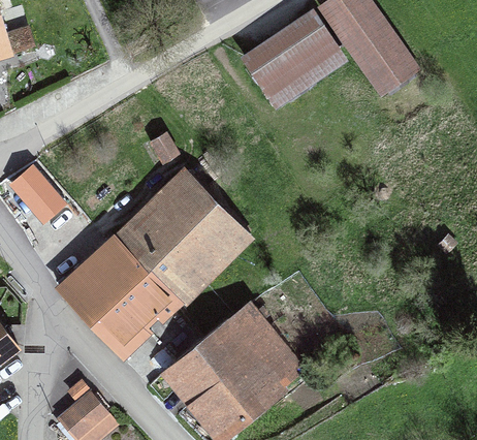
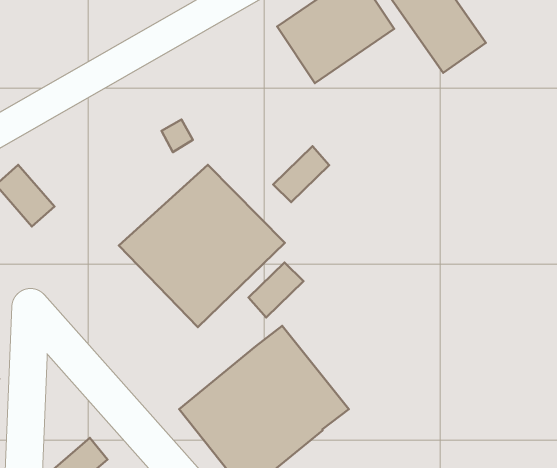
building: none -> [273,146,329,202]
building: [58,237,180,356] -> none
building: none -> [248,262,303,318]

